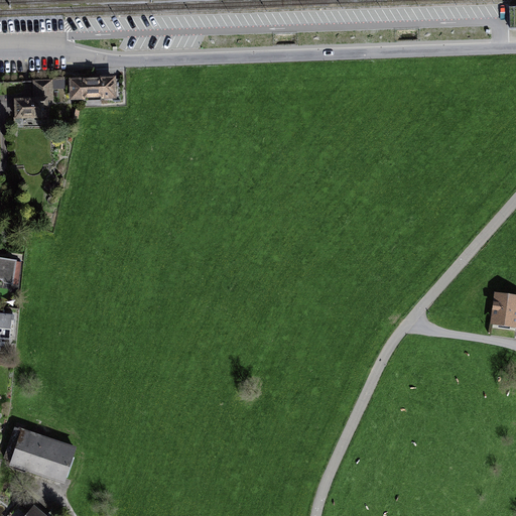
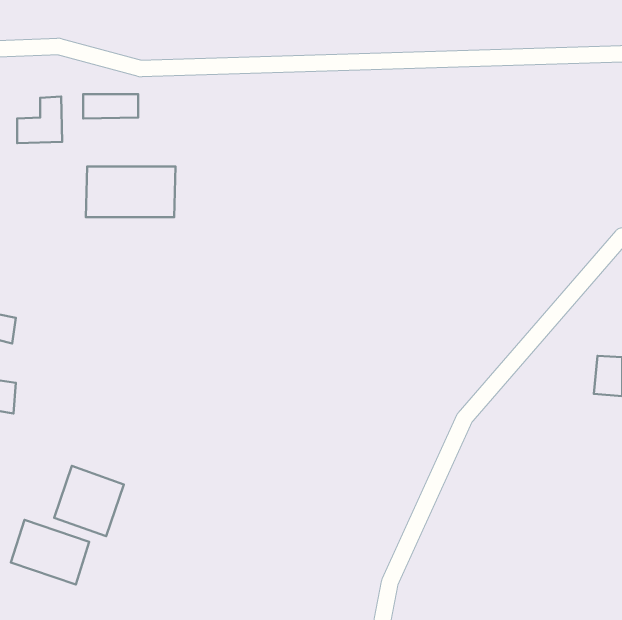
building: none -> [86,166,176,217]
building: none -> [54,466,124,536]

